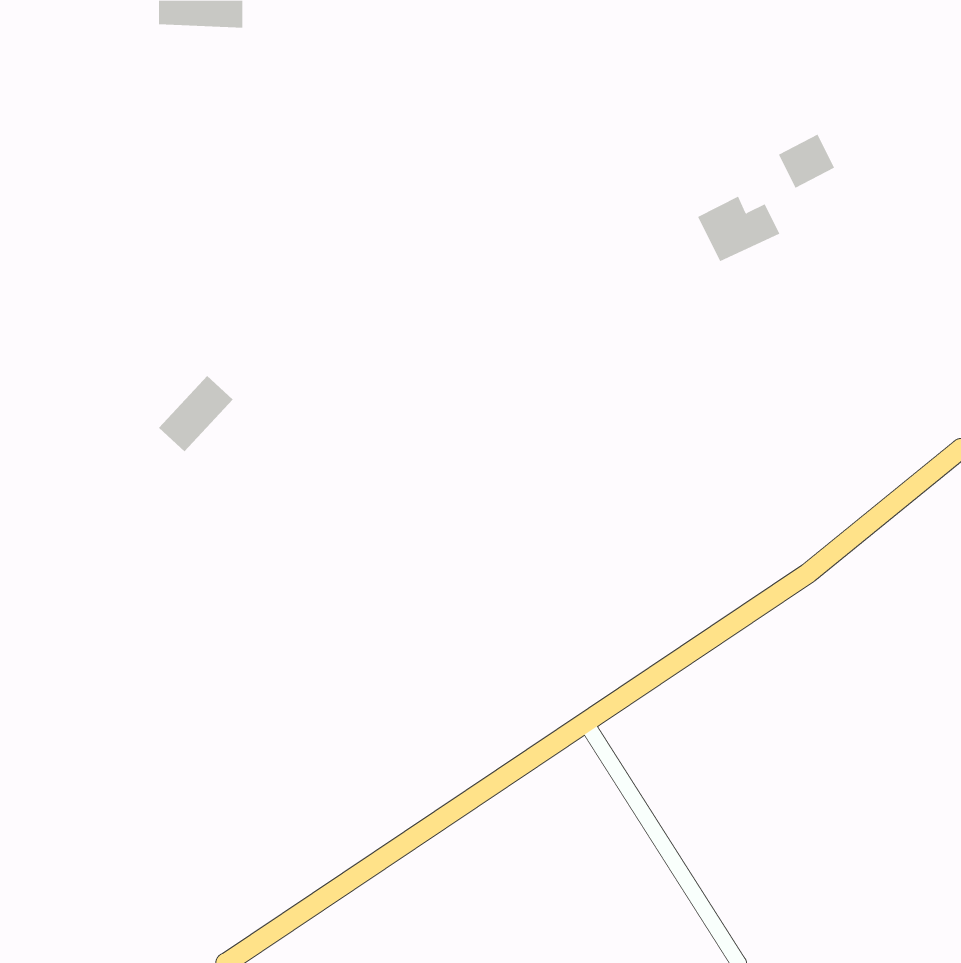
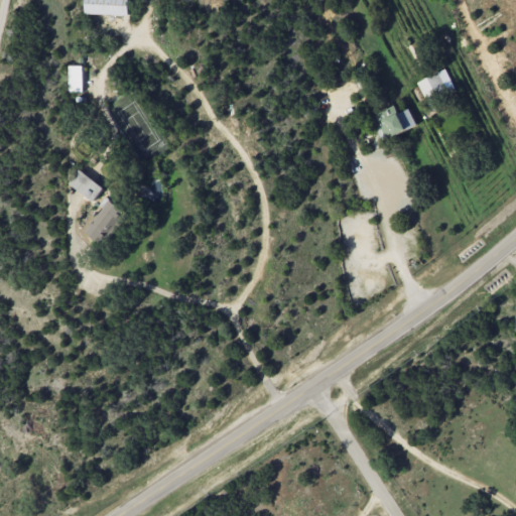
building: none -> [68,66,83,92]
building: none -> [70,170,104,202]

